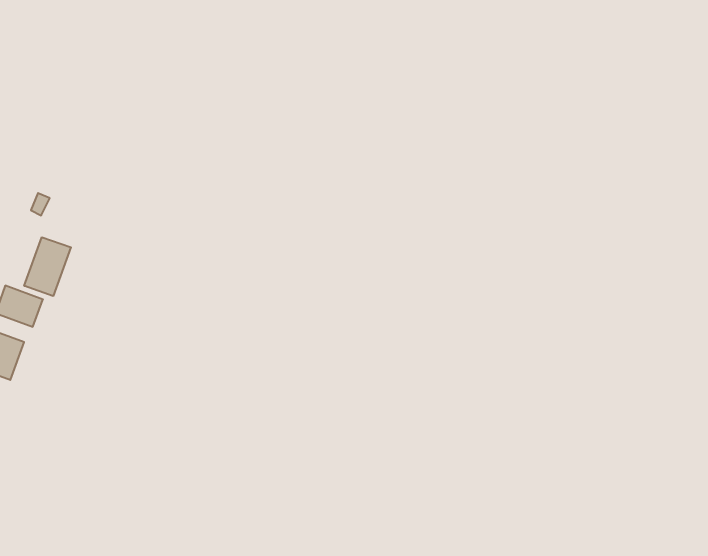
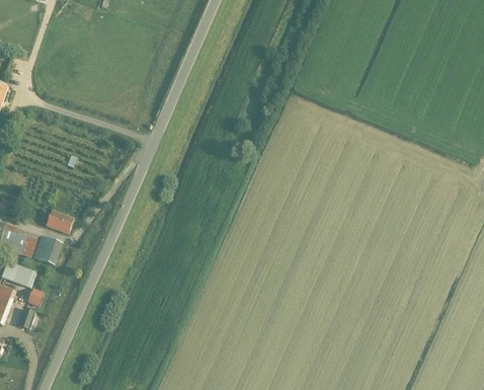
building: [24,237,71,296] -> none

